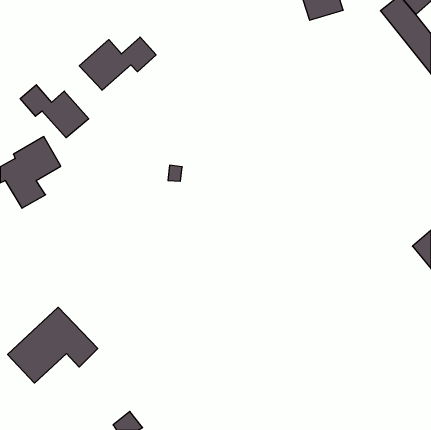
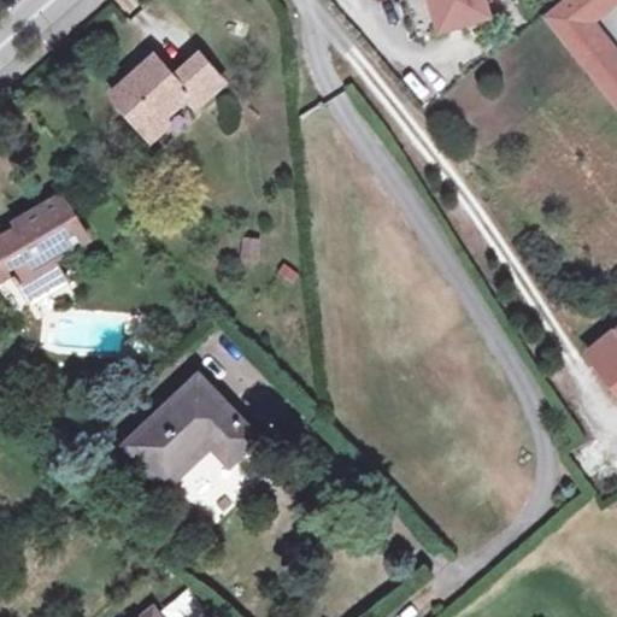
building: [20,85,89,138] -> none
building: [8,307,98,383] -> [128,377,257,486]

